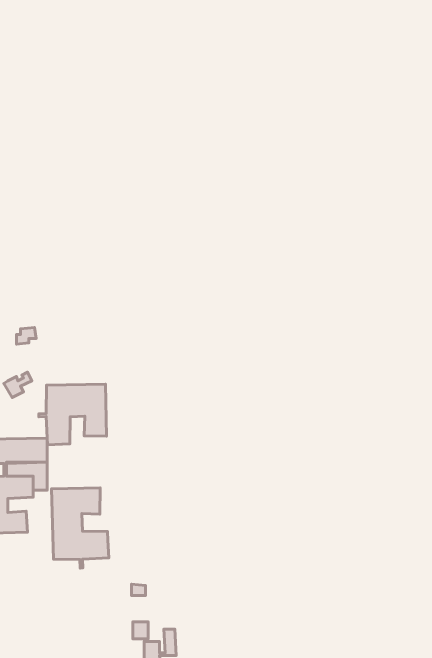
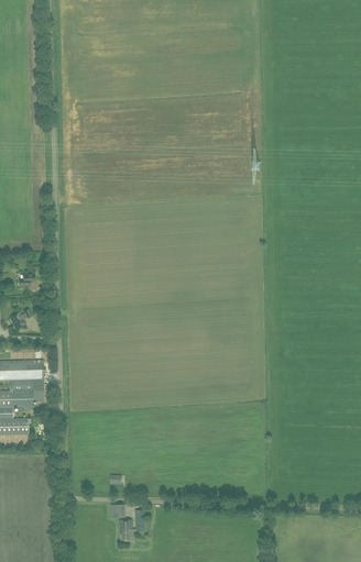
building: [39,384,106,445] -> none
building: [52,488,109,568] -> none

